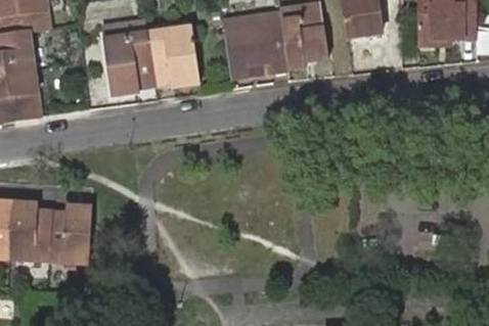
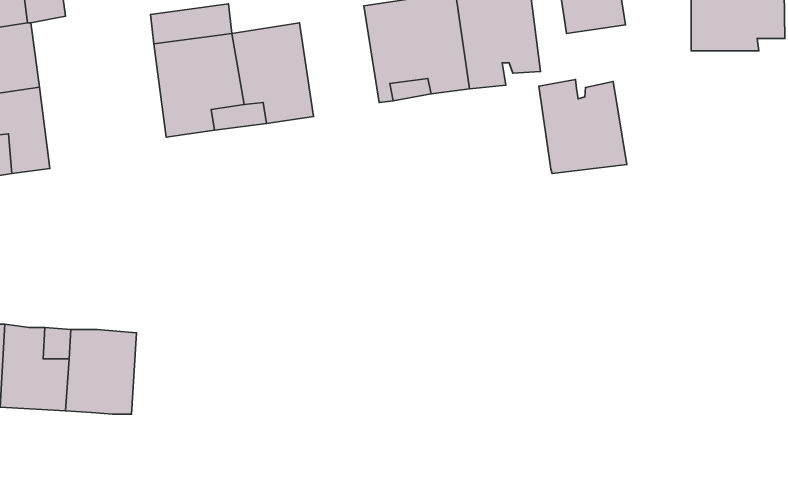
building: none -> [539,79,627,174]

